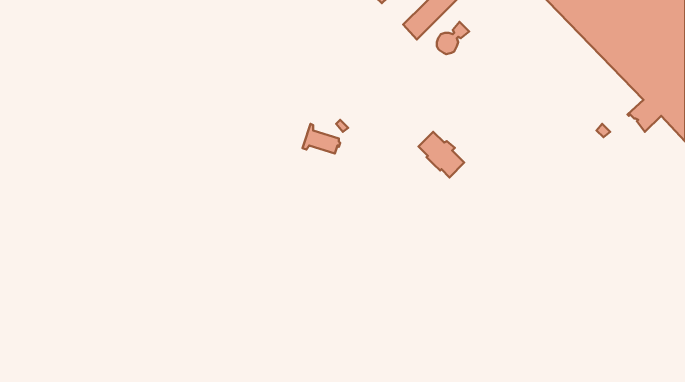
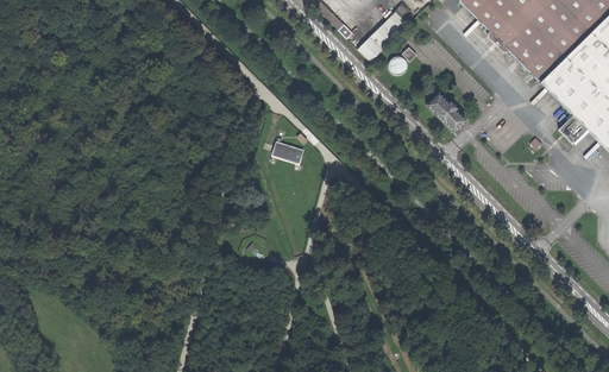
building: [419,132,464,177] -> [425,90,465,131]

